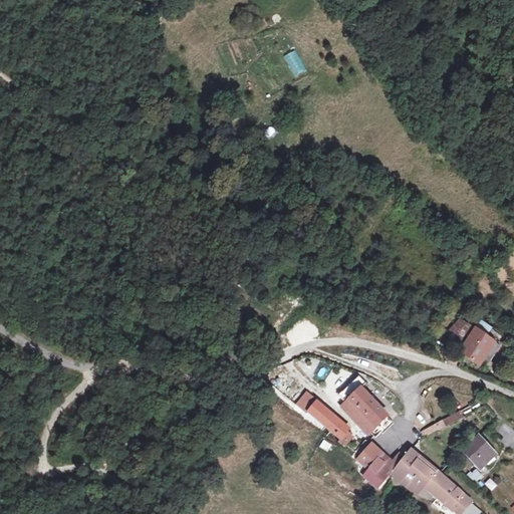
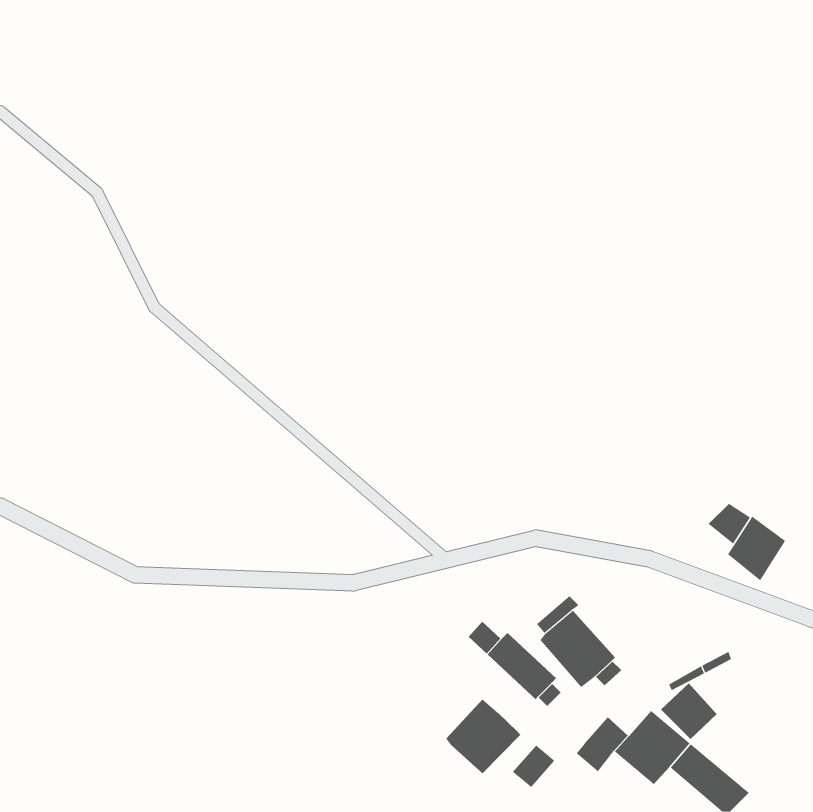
building: [461,434,497,470] -> [660,682,717,740]
building: none -> [445,699,521,774]
building: [356,442,383,469] -> [512,745,555,788]

